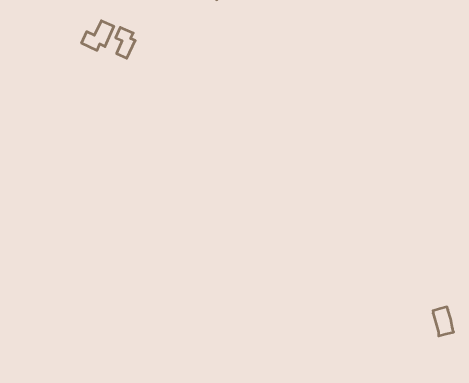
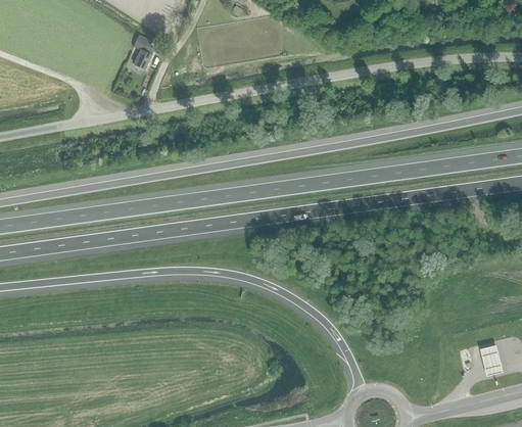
building: [82,21,114,50] -> none

